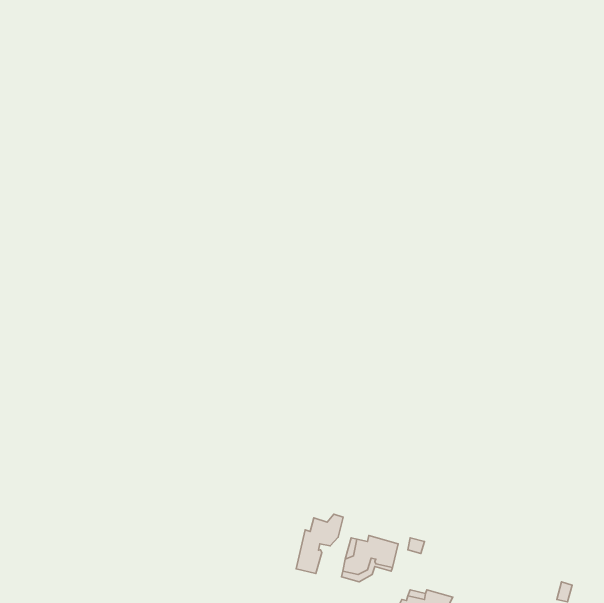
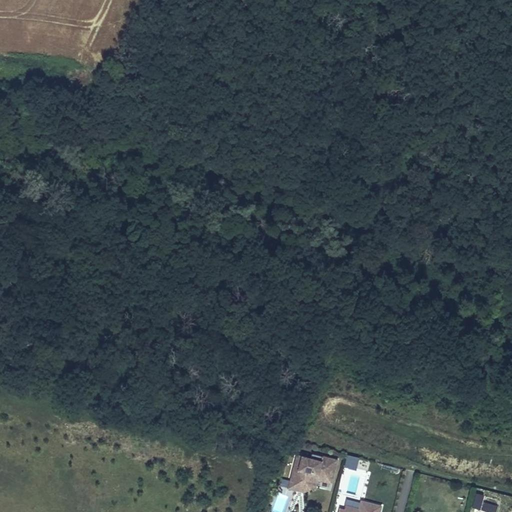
building: [296,514,343,574] -> none

